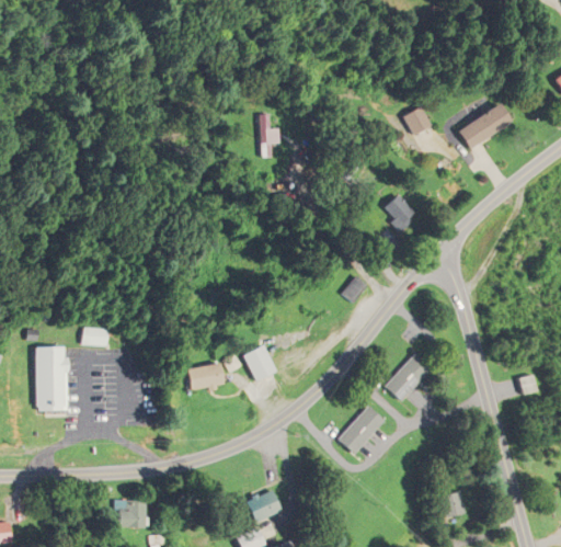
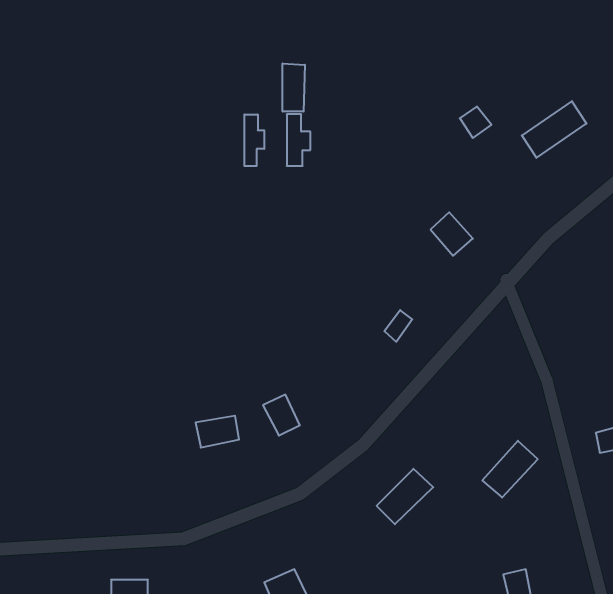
building: none -> [283,63,305,112]
building: none -> [244,114,264,166]
building: [81,328,107,344] -> none
building: [35,345,68,410] -> none
building: [383,353,430,400] -> [482,441,538,498]

